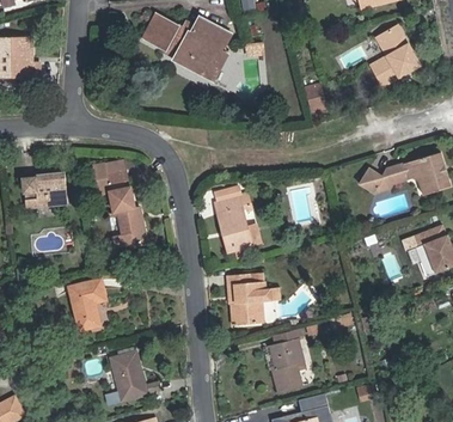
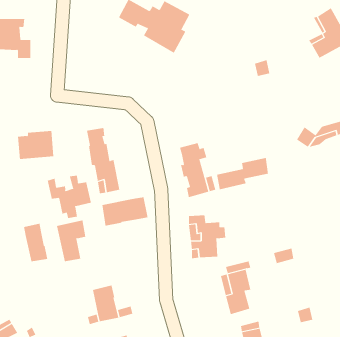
building: none -> [216,157,269,190]
building: none -> [47,175,91,219]
building: none -> [102,197,148,226]
building: none -> [23,223,48,262]

